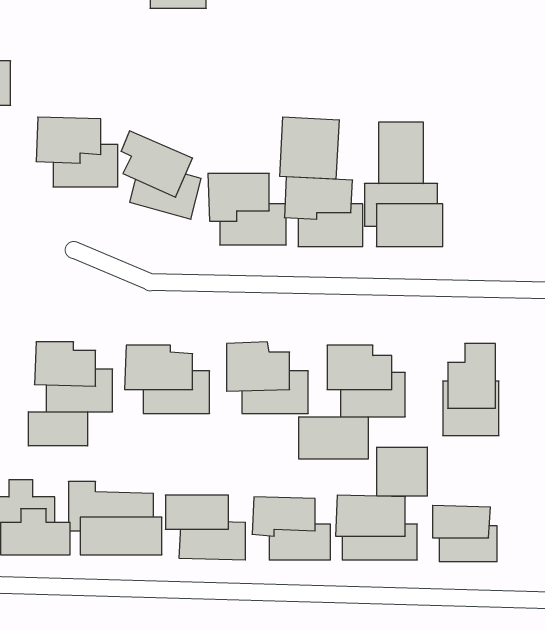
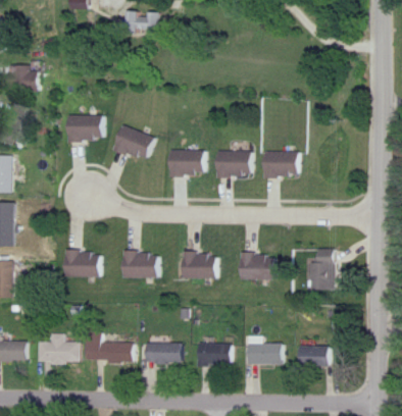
building: [280,117,339,179] -> none
building: [379,122,423,184] -> none
building: [28,412,88,446] -> none
building: [299,417,368,459] -> none
building: [377,447,427,496] -> none

